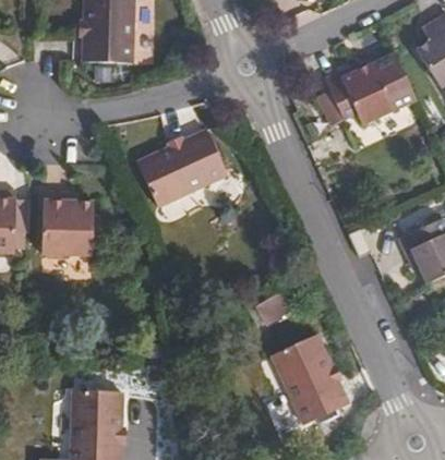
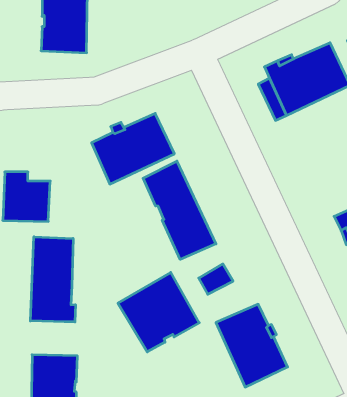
building: none -> [143,161,216,259]
building: none -> [30,237,75,322]
building: none -> [118,272,199,352]

